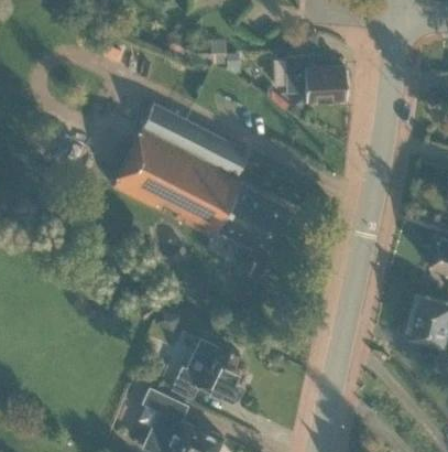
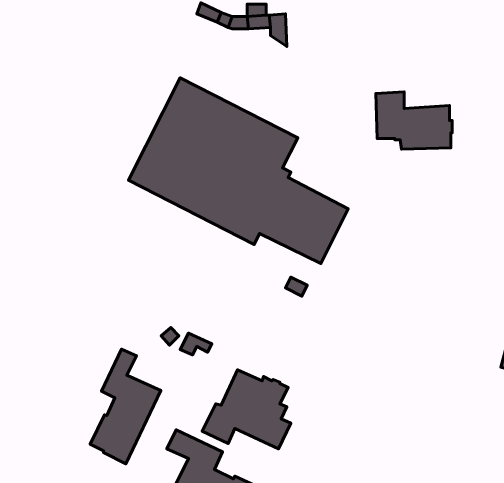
building: [285,55,347,101] -> [376,92,452,149]
building: none -> [90,349,161,464]

